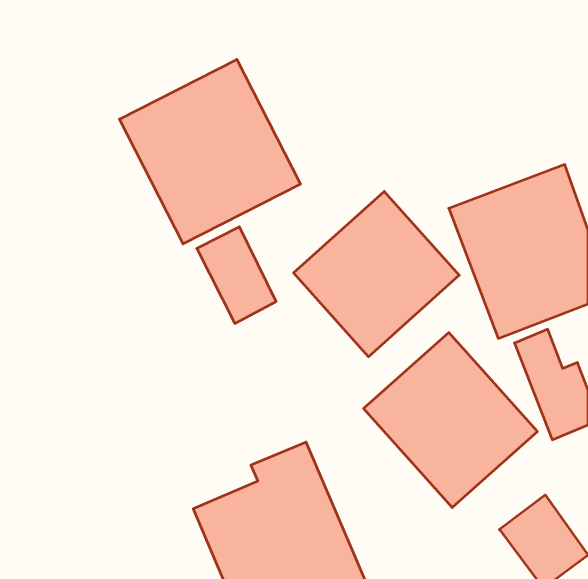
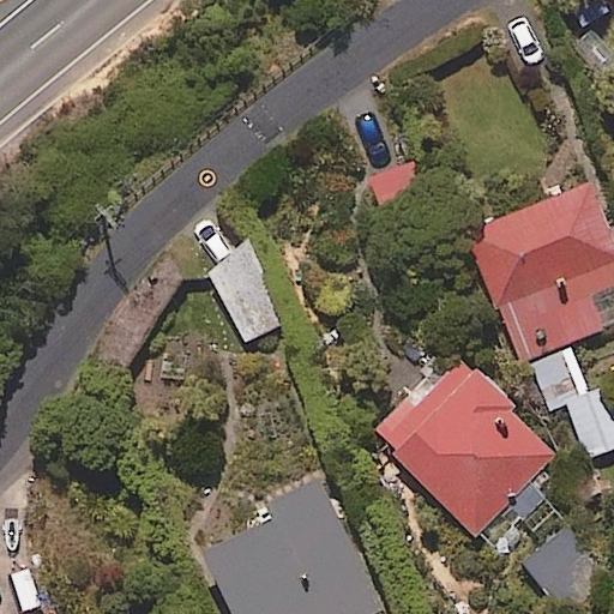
building: [119,59,300,244] -> none
building: [294,191,459,357] -> none

